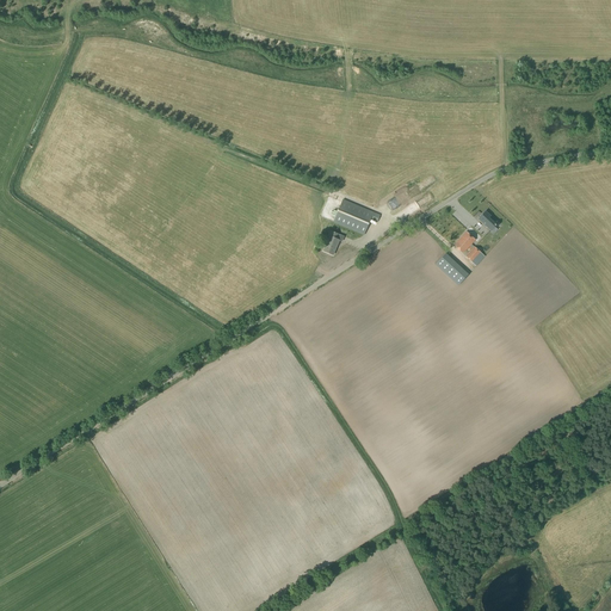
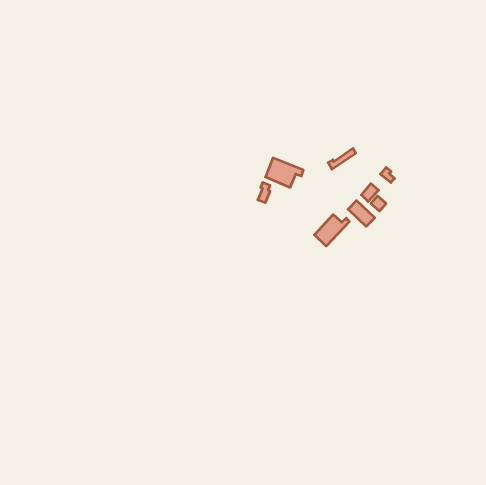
building: none -> [314,215,349,246]

